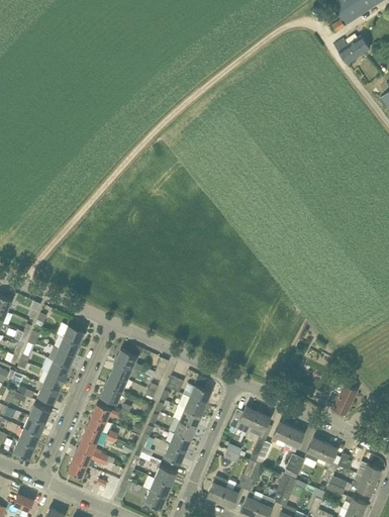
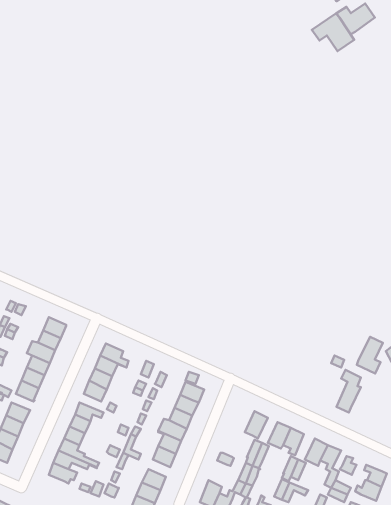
building: none -> [312,14,354,51]
building: none -> [357,337,383,373]
building: [228,406,258,434] -> none

